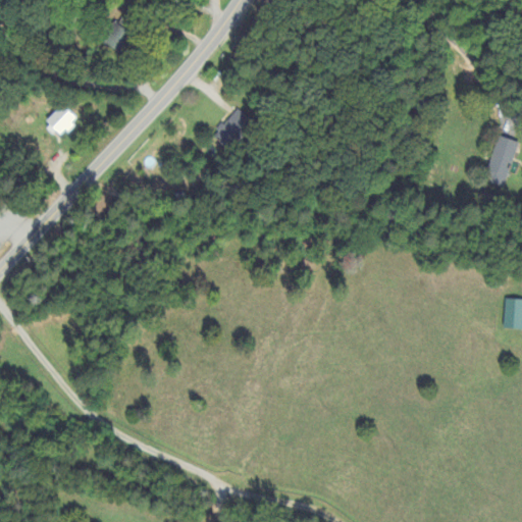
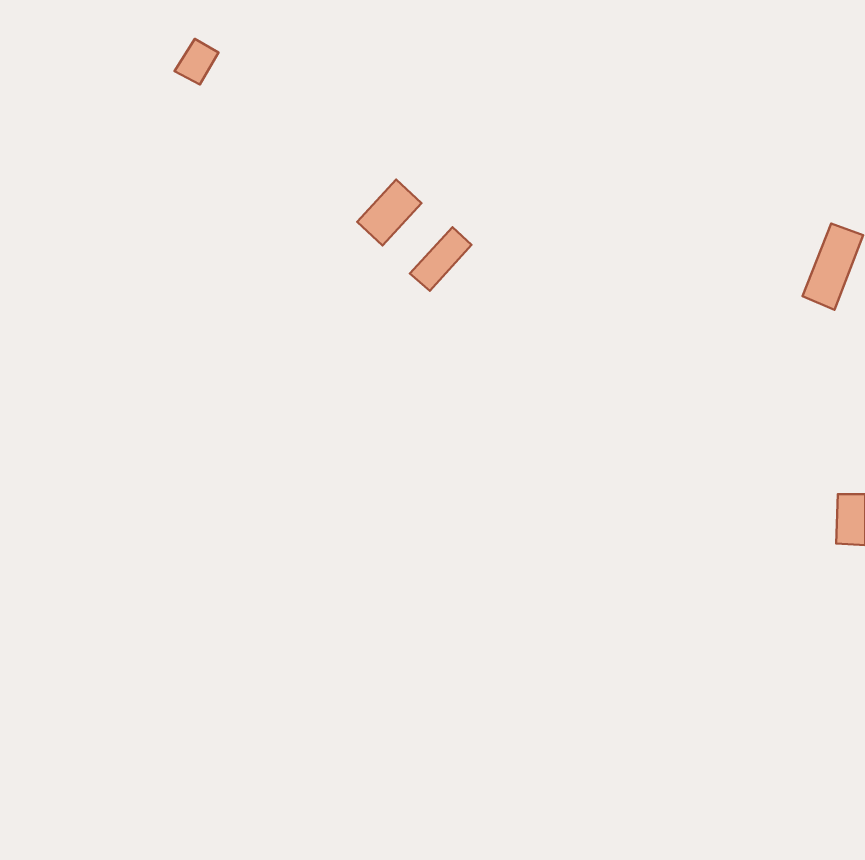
building: [44,103,77,137] -> none
building: none -> [410,227,471,291]

